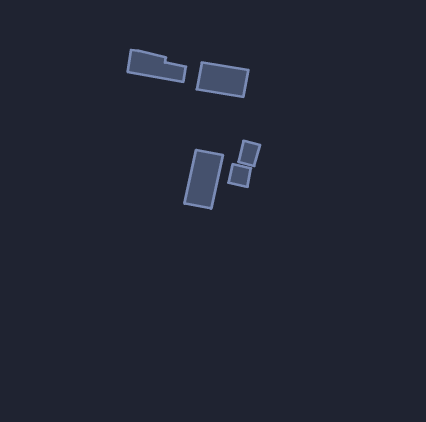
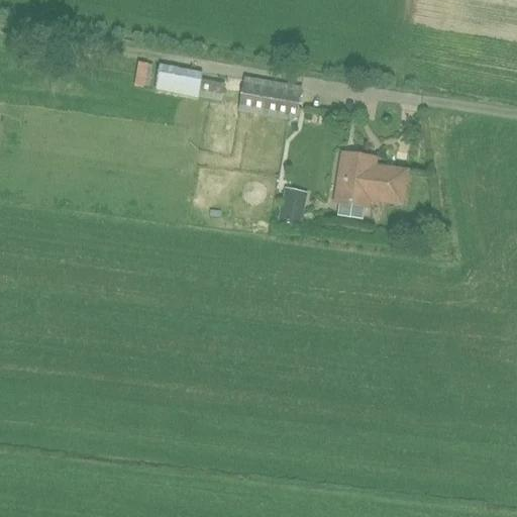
building: none -> [335,151,405,215]
building: [185,150,223,209] -> none

